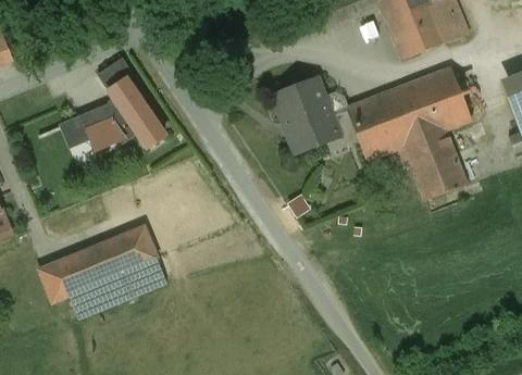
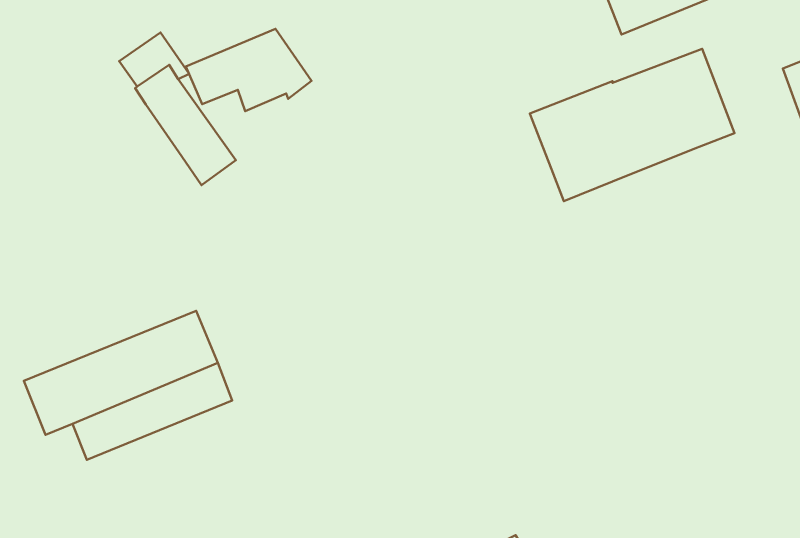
building: [273,77,360,152] -> none
building: [60,101,136,151] -> [186,29,311,111]
building: [397,128,468,200] -> none

